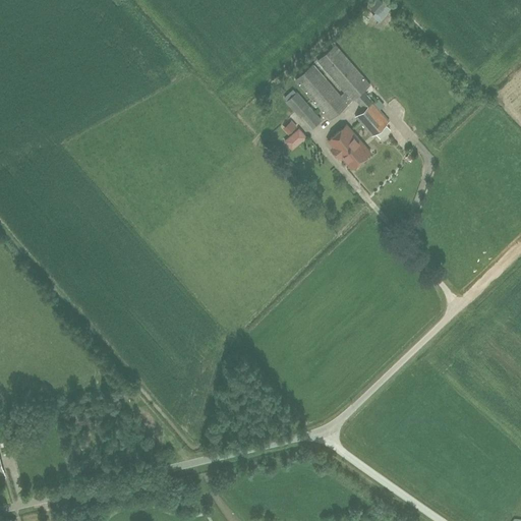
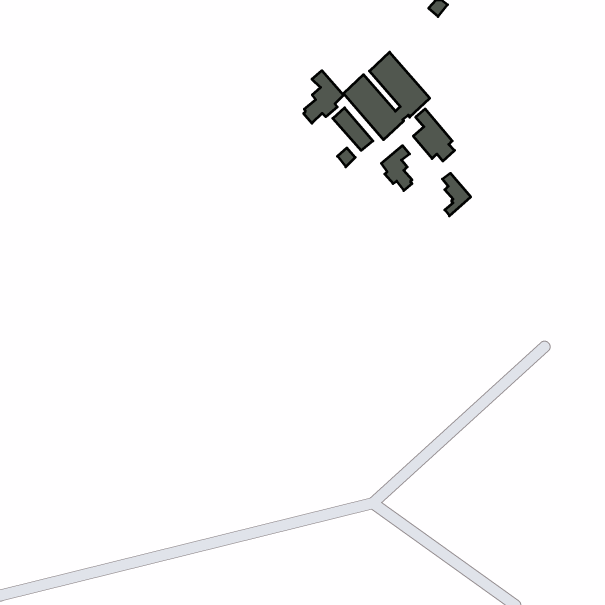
building: none -> [304,71,344,123]
building: [345,132,369,169] -> [442,173,471,216]

